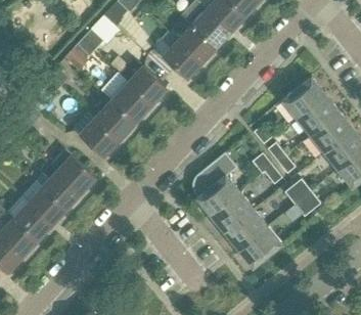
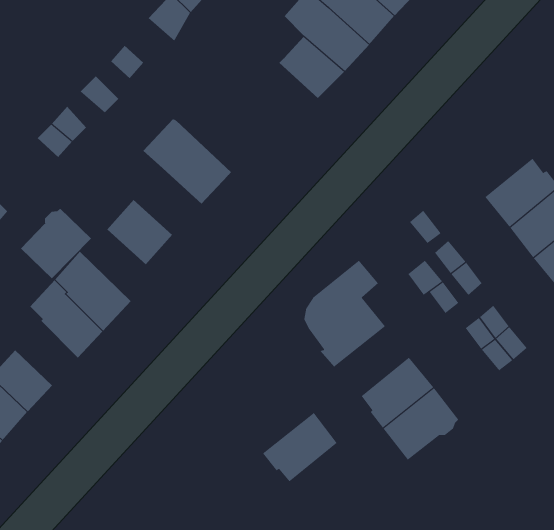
building: [155,31,200,78] -> none
building: [120,58,167,103] -> none
building: [281,77,323,118] -> none
building: [95,101,134,139] -> none
building: none -> [20,208,92,279]
building: [28,188,63,225] -> none
building: [210,191,253,231] -> [262,412,337,482]

